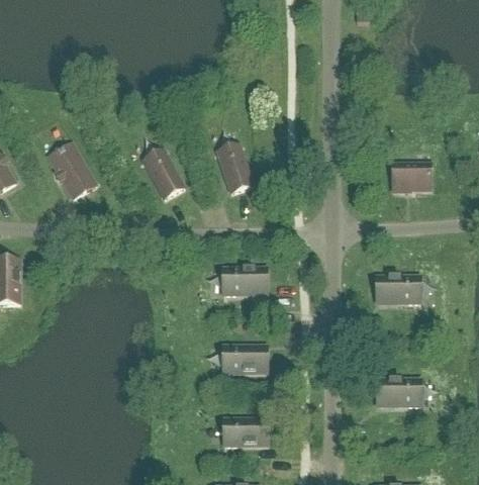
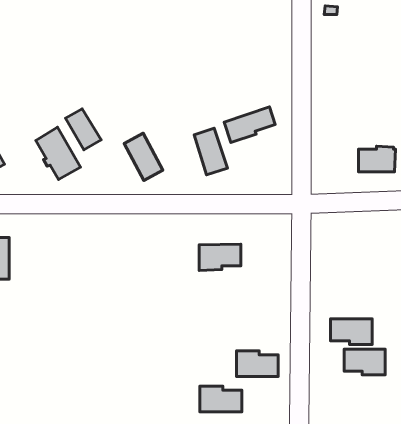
building: none -> [224,107,275,143]
building: none -> [66,109,101,150]
building: [376,277,420,304] -> [330,319,372,345]
building: [222,347,267,374] -> [236,351,278,377]

